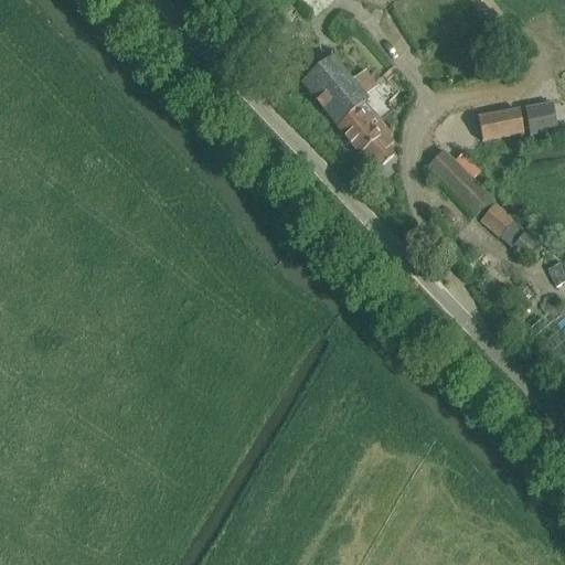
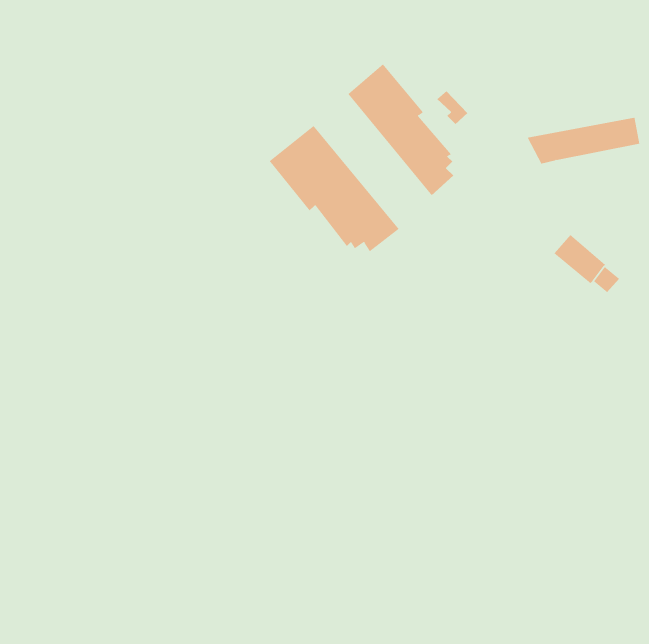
building: none -> [269,125,399,252]
building: [425,148,492,214] -> none

